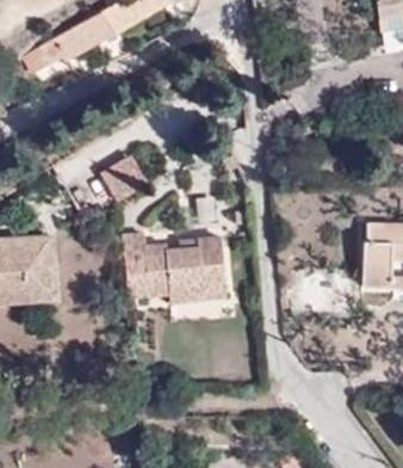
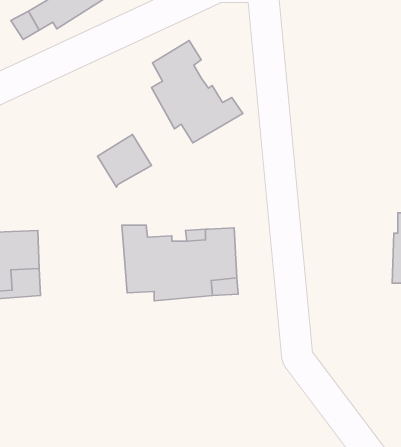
building: none -> [152,40,243,143]

